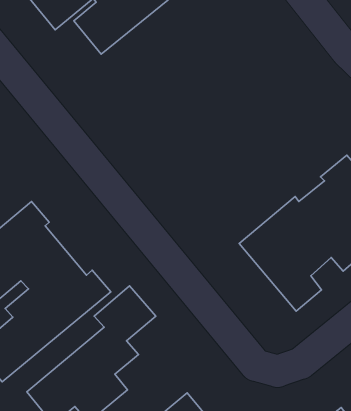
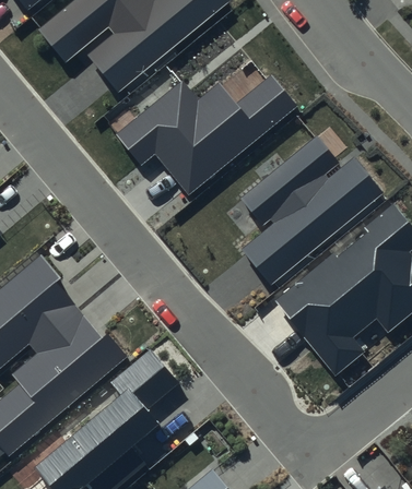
building: none -> [116,75,297,195]
building: none -> [240,135,382,285]

